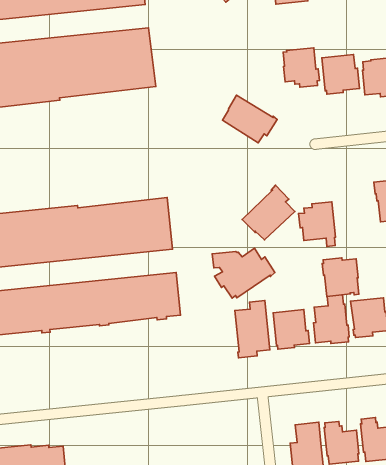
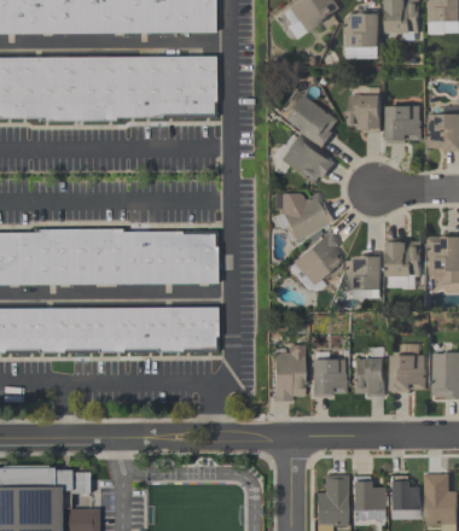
building: none -> [284,95,337,148]
building: [212,248,275,298] -> [273,192,335,240]
building: [322,258,359,296] -> [387,238,422,276]

